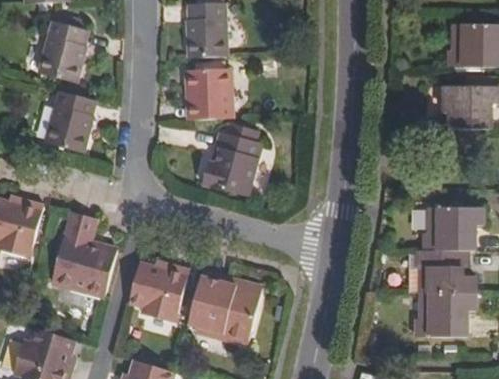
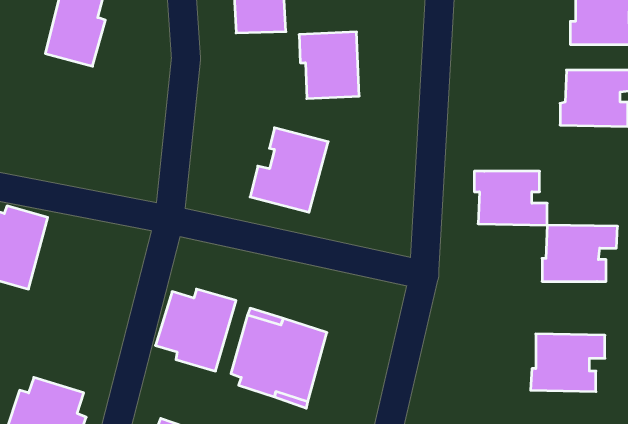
building: [185,67,232,119] -> [299,32,359,99]
building: [46,92,94,151] -> none
building: [48,208,114,293] -> none
building: [420,251,477,293] -> [474,171,547,225]

